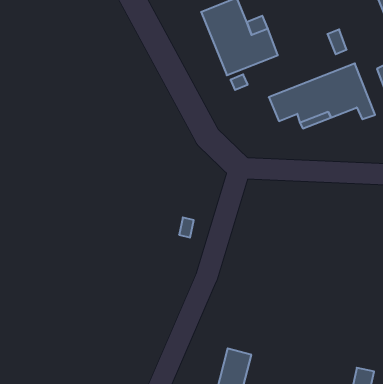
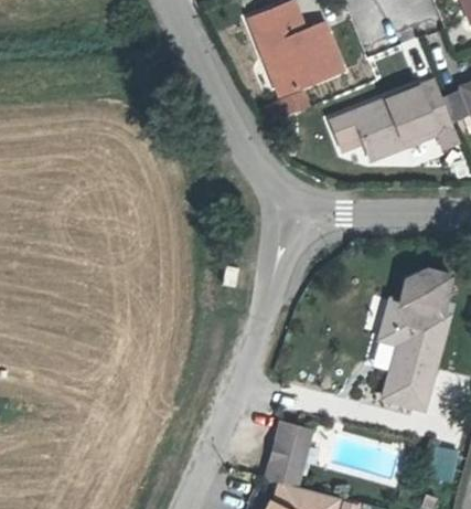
building: none -> [381,268,450,407]

